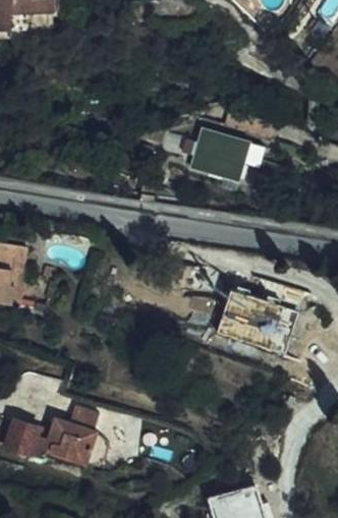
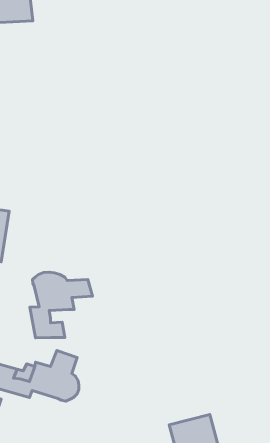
building: [187,128,261,176] -> none
building: none -> [30,272,92,338]

